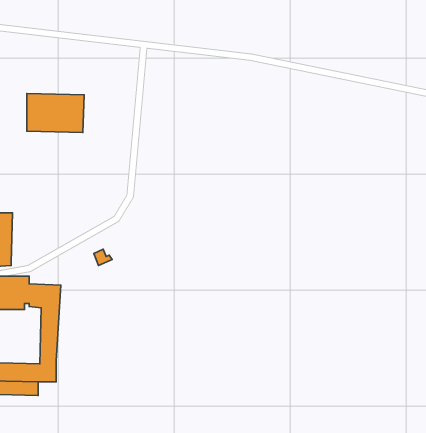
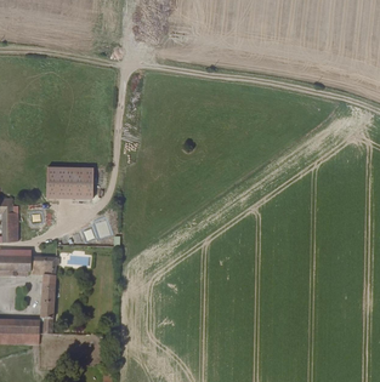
building: [27,93,84,133] -> [47,166,93,198]

